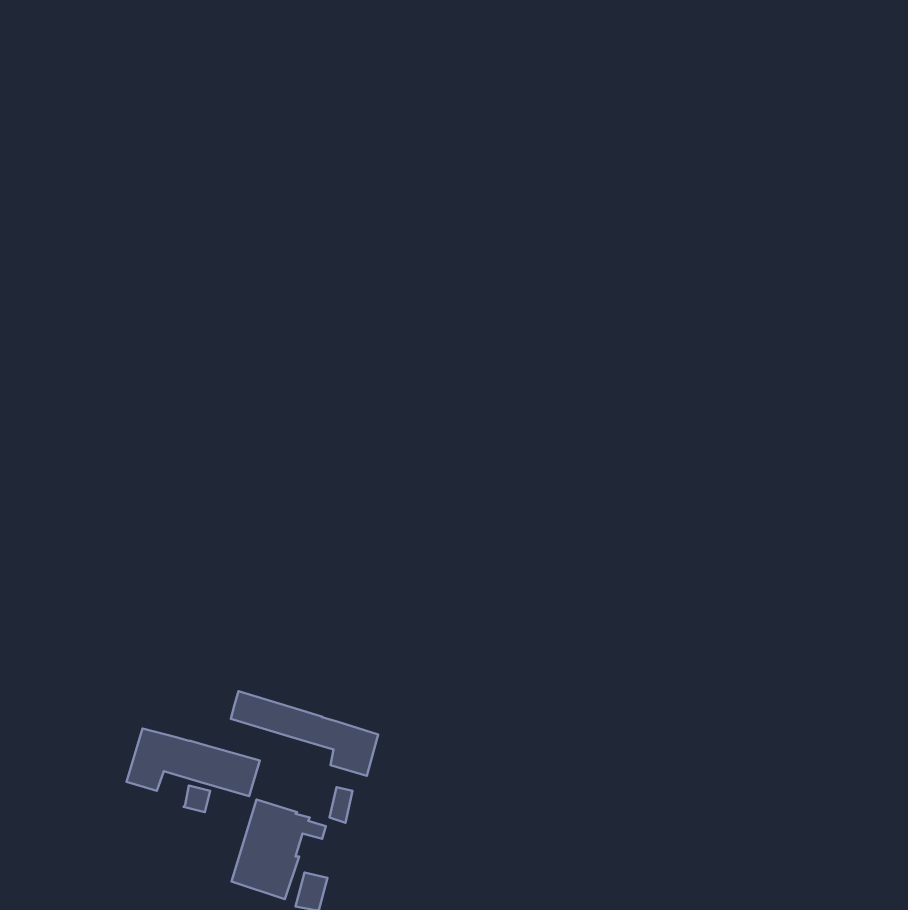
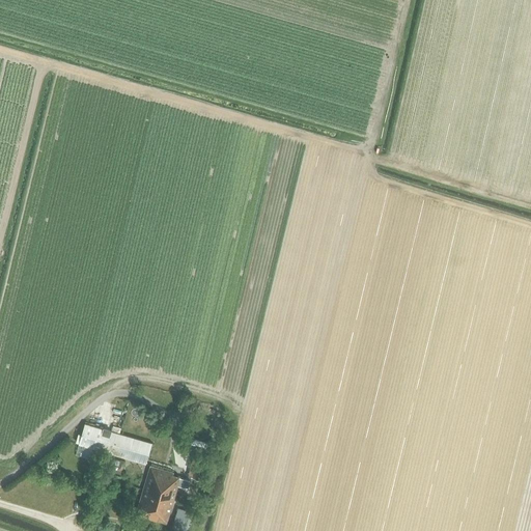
building: [231,691,378,776] -> none

